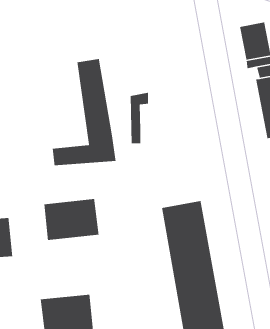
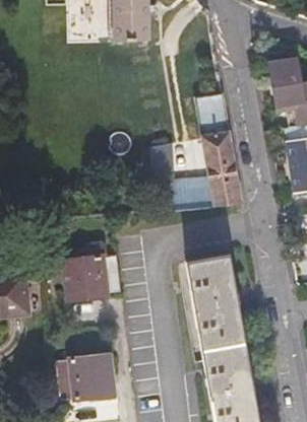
building: [52,58,117,166] -> [172,91,241,207]

